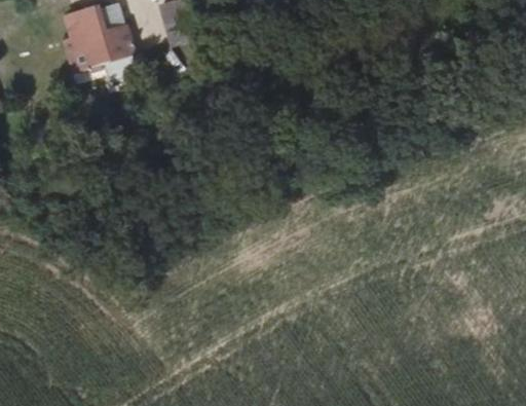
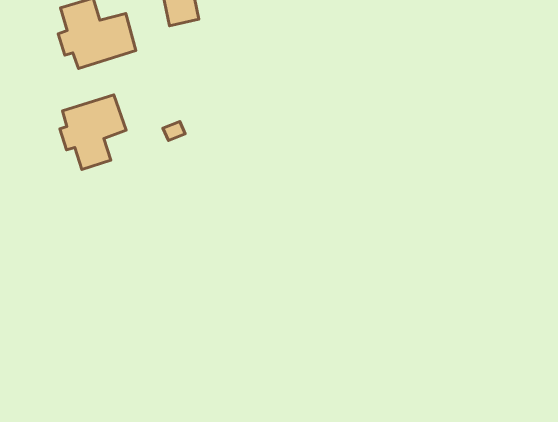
building: none -> [60,95,126,169]

